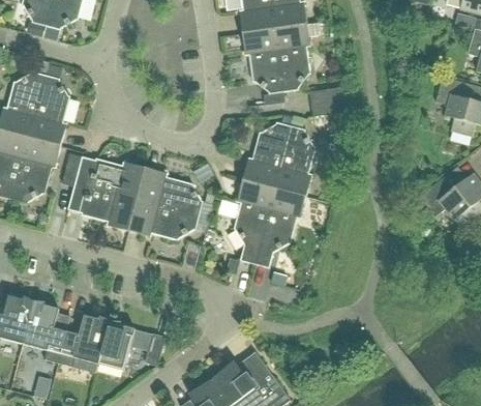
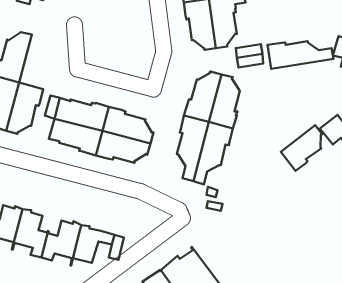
building: [29,62,69,144] -> none
building: none -> [268,41,333,69]
building: none -> [281,125,322,171]

